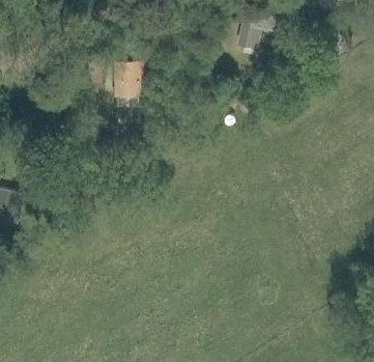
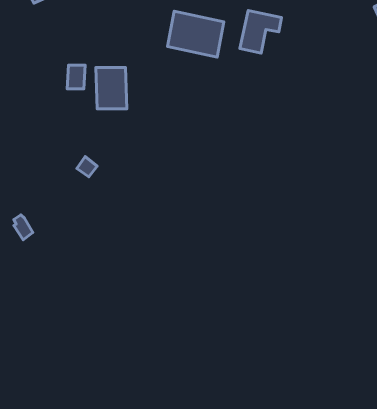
building: none -> [168,11,224,57]

